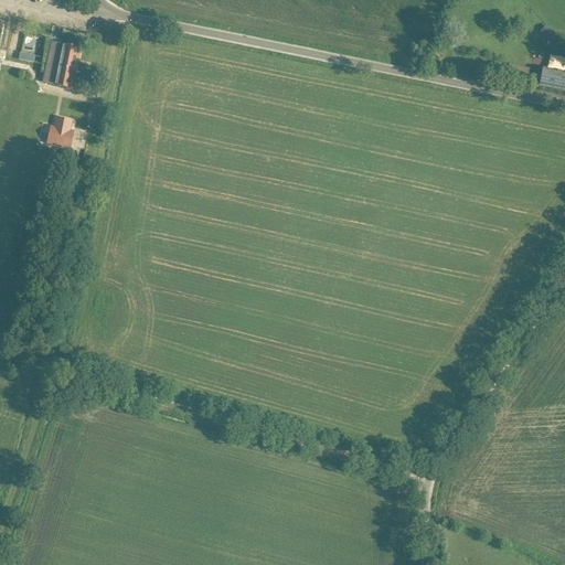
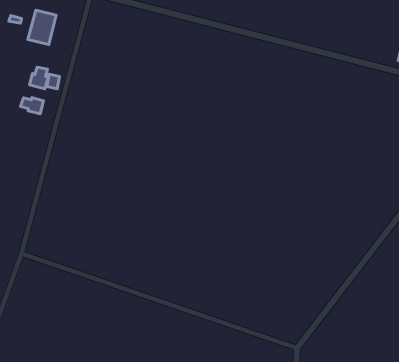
building: none -> [21,98,44,114]

